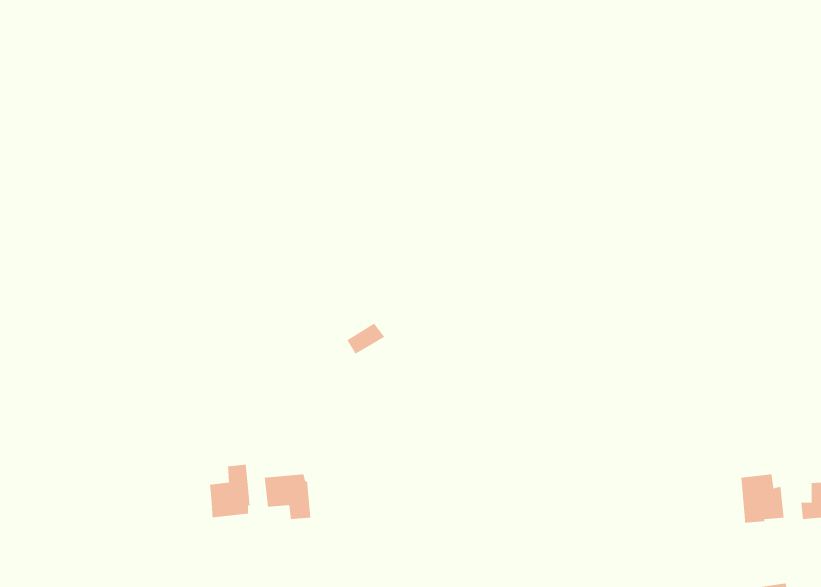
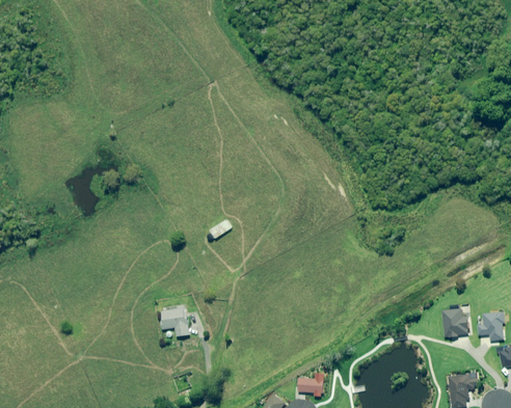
building: [210,464,250,518] -> none

